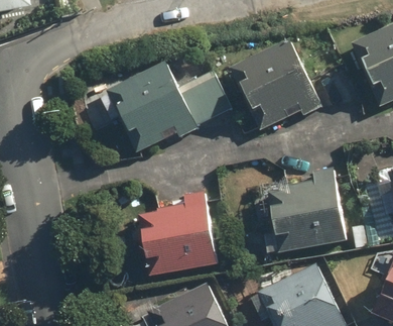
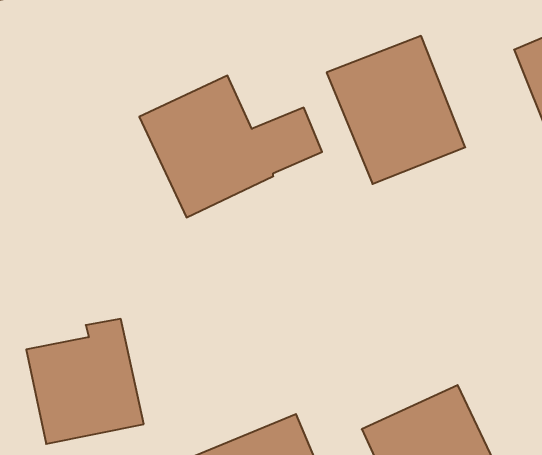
building: [264,182,341,254] -> none
building: [139,193,217,276] -> [26,319,144,444]

